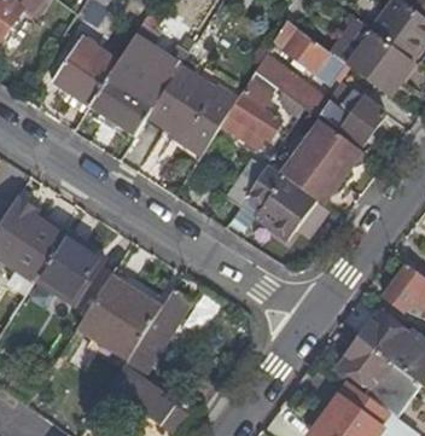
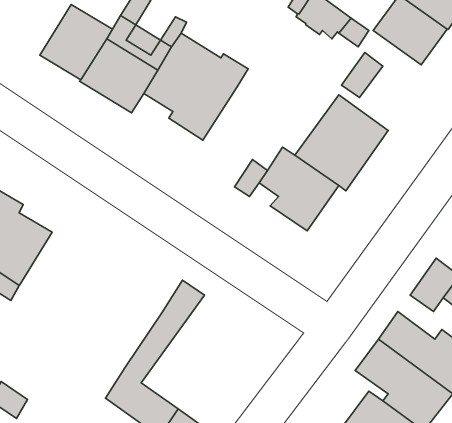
building: [254,50,325,117] -> none
building: [228,82,283,139] -> none
building: [336,94,385,144] -> none
building: [39,237,106,308] -> none
building: [81,280,162,360] -> none

